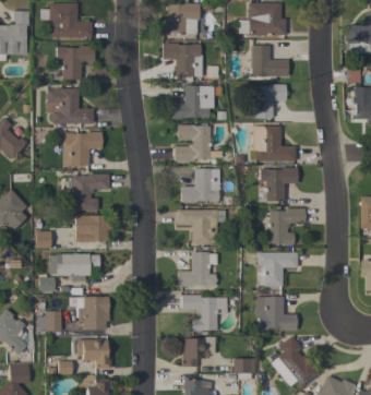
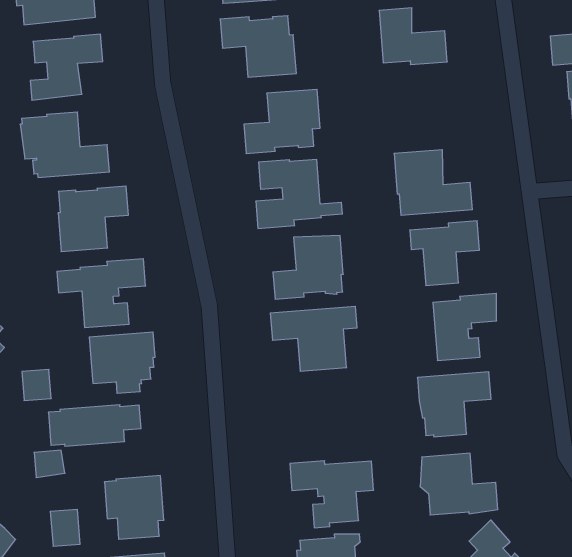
building: [253,84,285,118] -> none
building: [176,252,215,287] -> none

